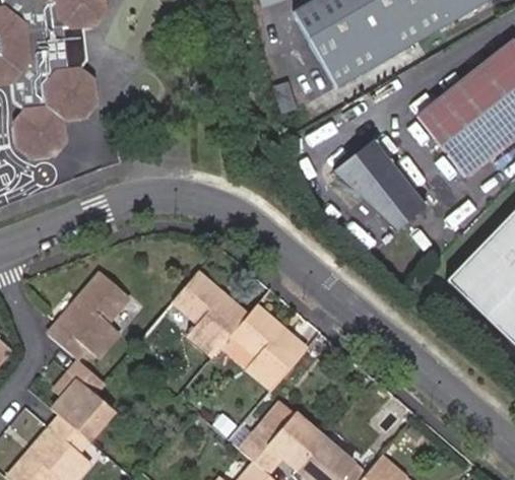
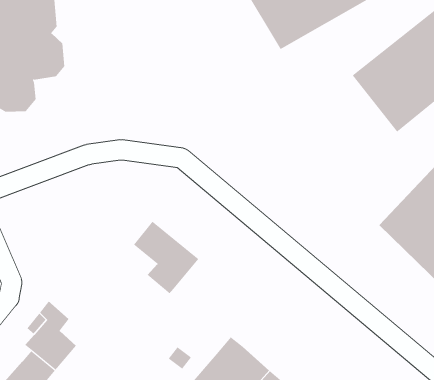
building: [326,137,420,231] -> none
building: [49,274,131,360] -> none
building: [222,307,308,391] -> none

